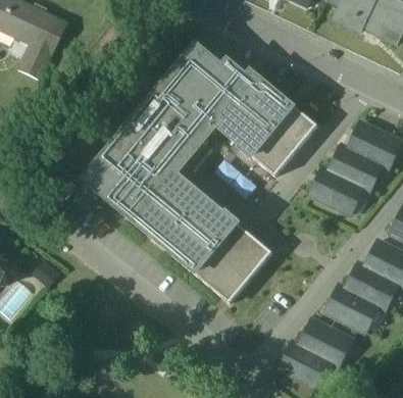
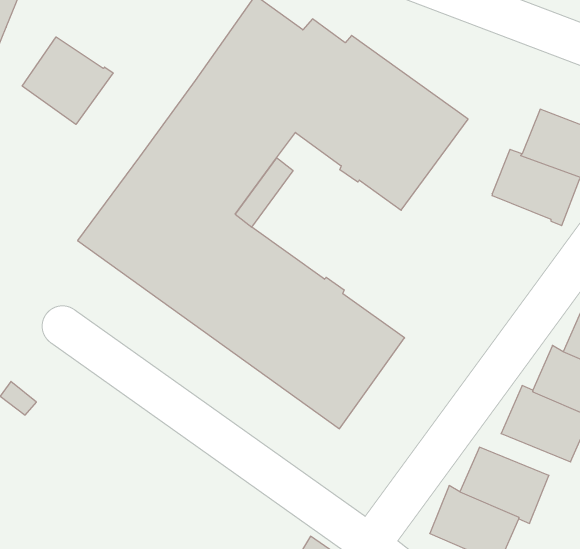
building: none -> [22,37,113,124]
building: [310,166,363,213] -> none

